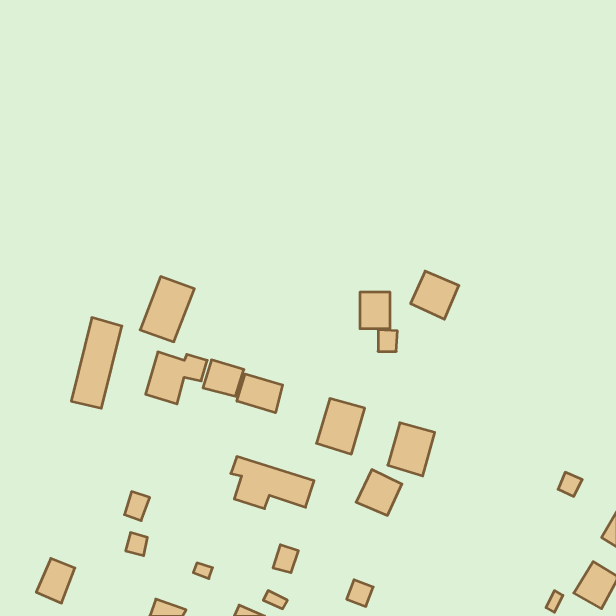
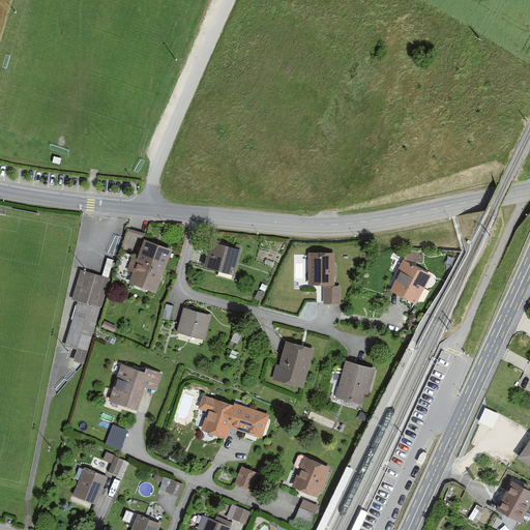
building: [411,271,459,319] -> [388,262,430,303]
building: none -> [198,243,239,277]
building: [146,352,207,404] -> [109,366,161,411]
building: [237,374,283,413] -> none
building: [356,470,402,515] -> [289,457,328,496]
building: [36,558,75,603] -> [72,467,106,505]

